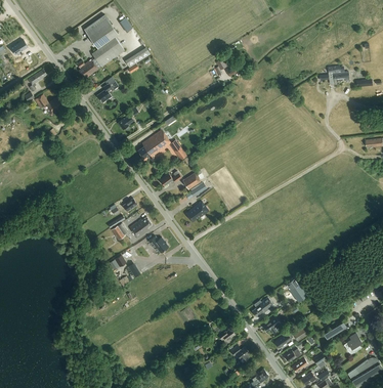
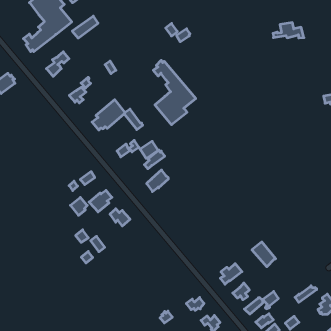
building: none -> [153,60,196,125]

